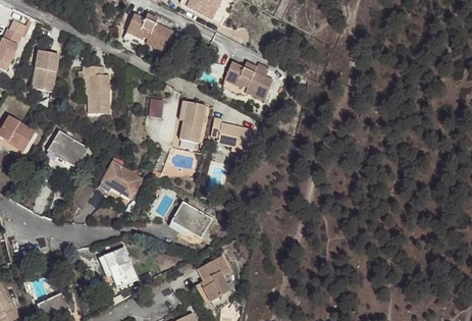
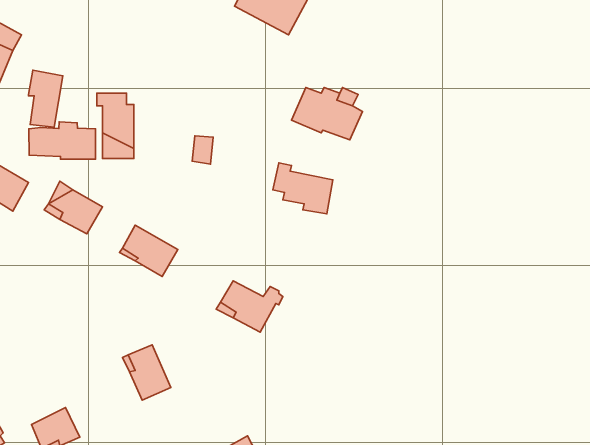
building: [123,12,173,51] -> none
building: none -> [29,122,96,159]
building: [178,101,205,143] -> none
building: [195,256,227,301] -> none

